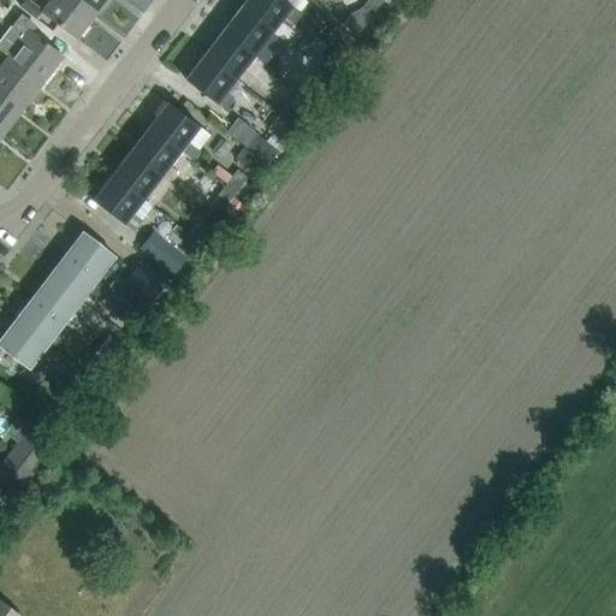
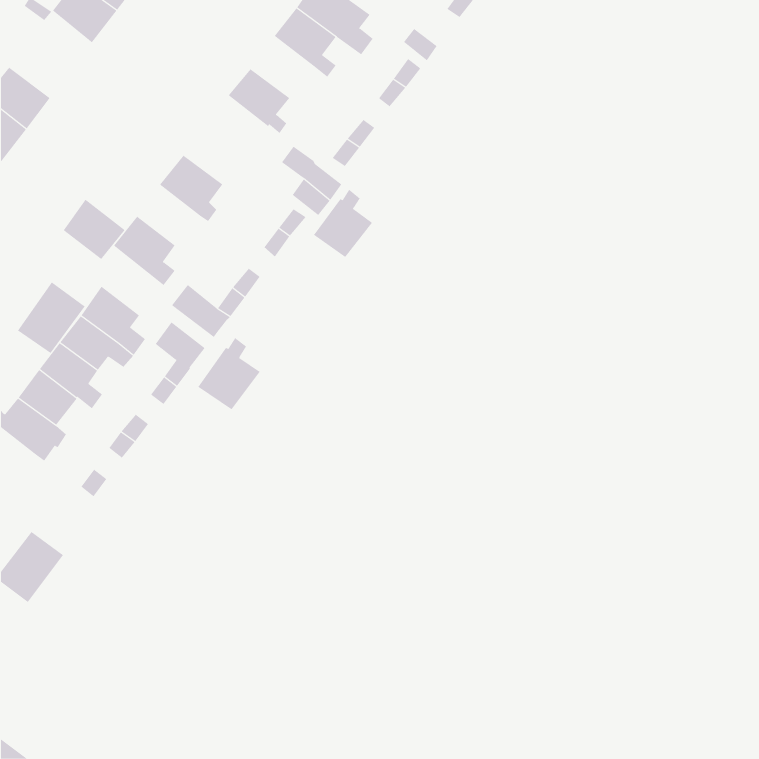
building: [8,29,61,79] -> none
building: [203,29,255,84] -> none
building: [149,100,202,159] -> none
building: [112,149,162,199] -> [63,199,125,260]
building: none -> [313,189,373,258]
building: none -> [17,281,86,354]
building: none -> [198,337,260,410]

